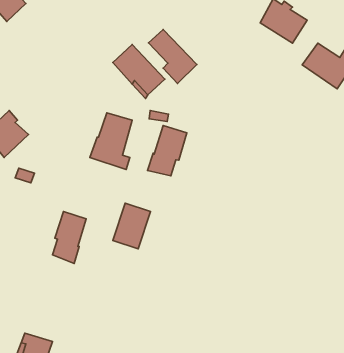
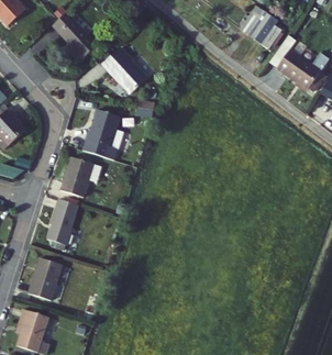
building: [149,30,197,84] -> [54,11,98,60]
building: [147,126,187,176] -> none
building: [113,203,150,249] -> [62,155,96,197]
building: none -> [29,257,63,299]

